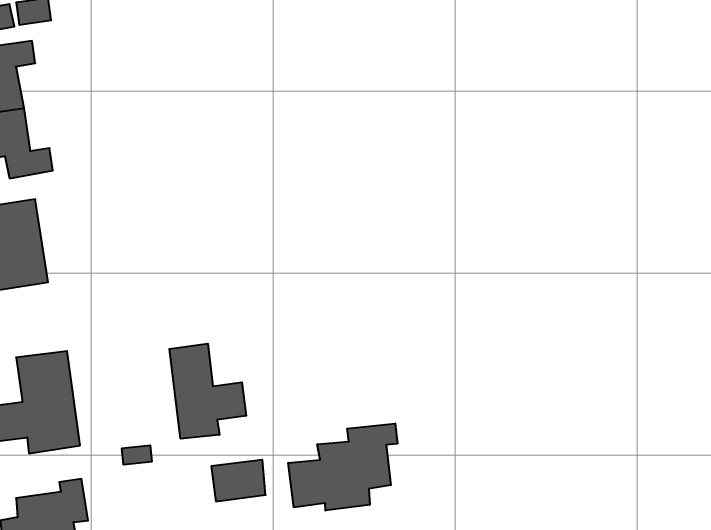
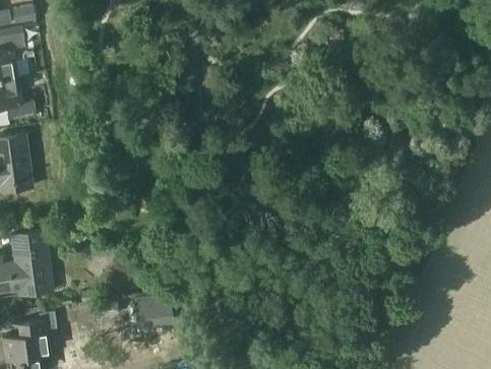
building: [169,344,246,439] -> none
building: [288,423,397,511] -> none

